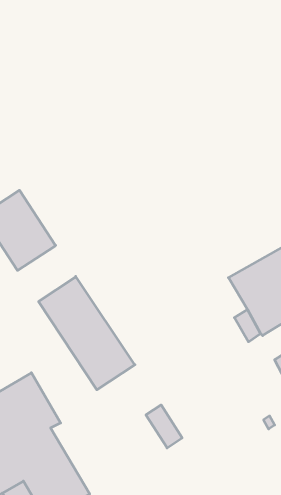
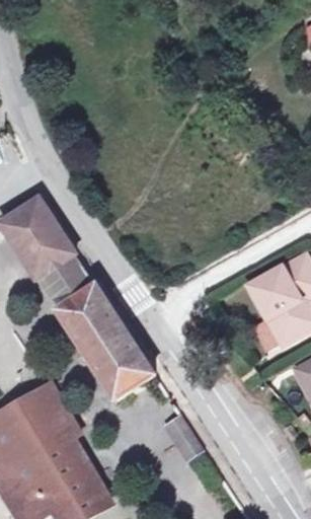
building: none -> [36,253,94,309]

